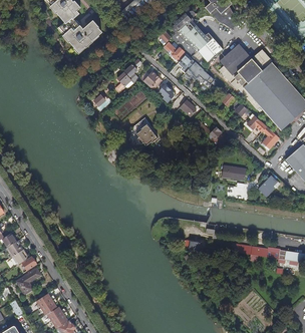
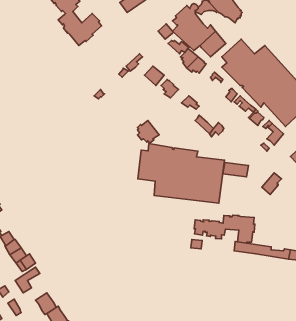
building: none -> [138,143,225,203]
building: none -> [194,215,255,243]

